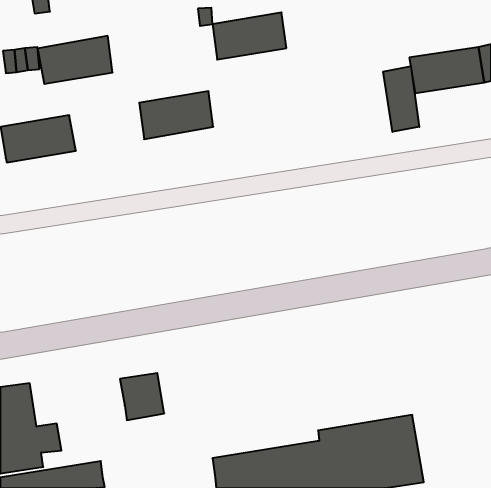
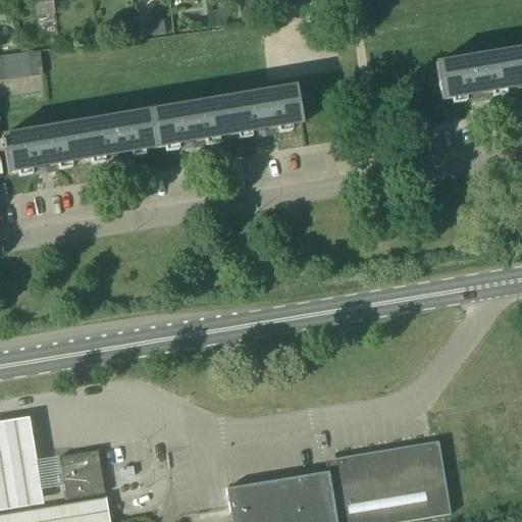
building: [212,12,286,60] -> [221,85,300,135]
building: [38,36,113,84] -> [73,109,153,160]
building: [383,66,419,132] -> none
building: [120,373,164,420] -> [60,443,107,493]

